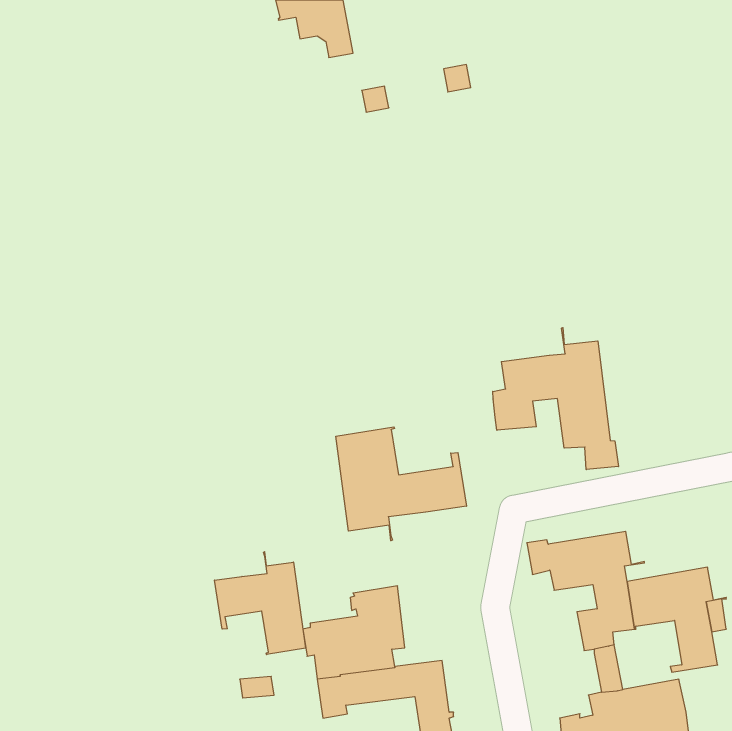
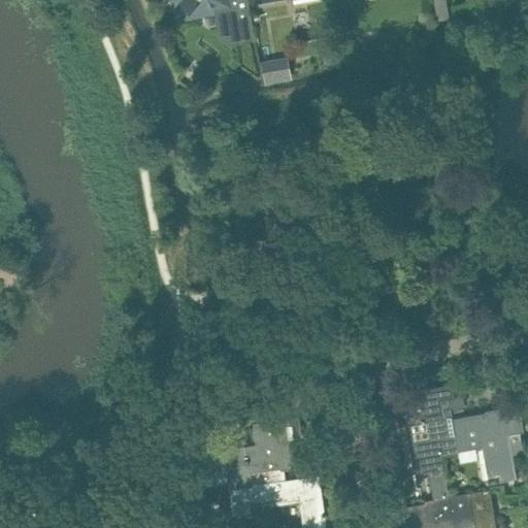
building: [493,328,618,470] -> none
building: [336,427,466,541] -> none
building: [215,552,306,655] -> none

